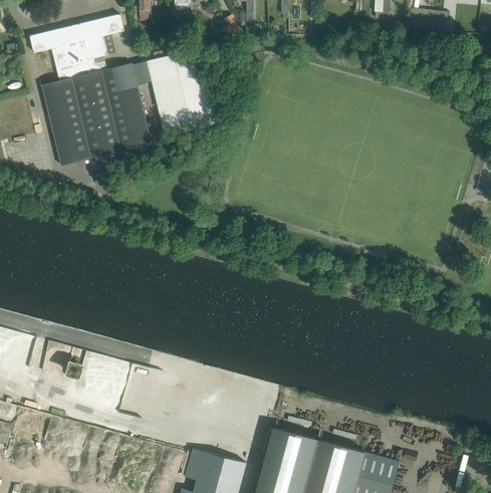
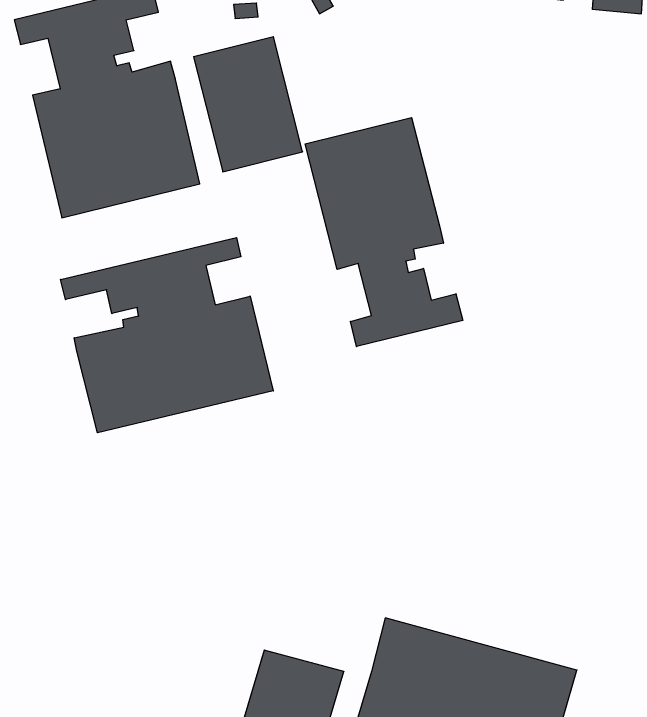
building: none -> [305,118,463,347]
building: none -> [61,238,273,433]

